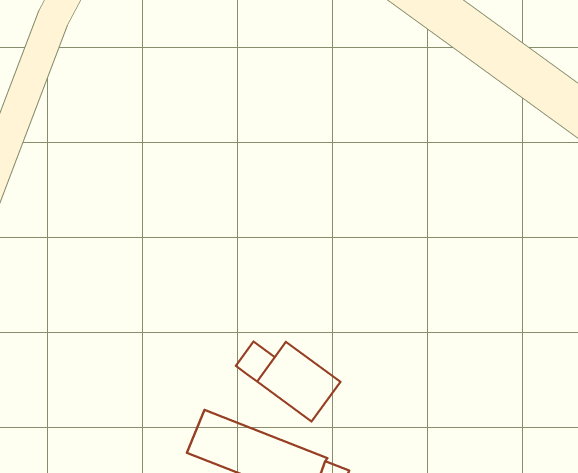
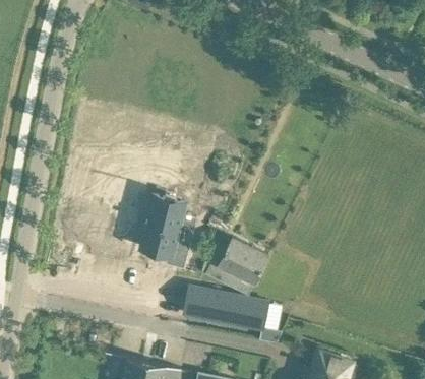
building: none -> [141,195,187,267]

